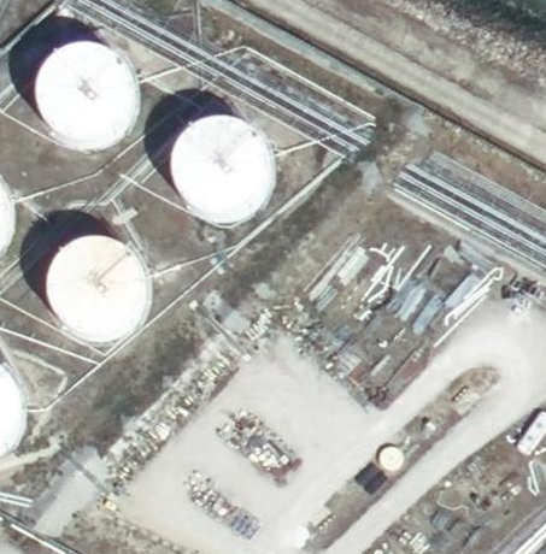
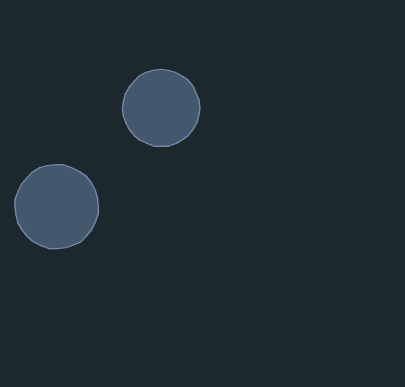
building: [37,47,131,140] -> none

